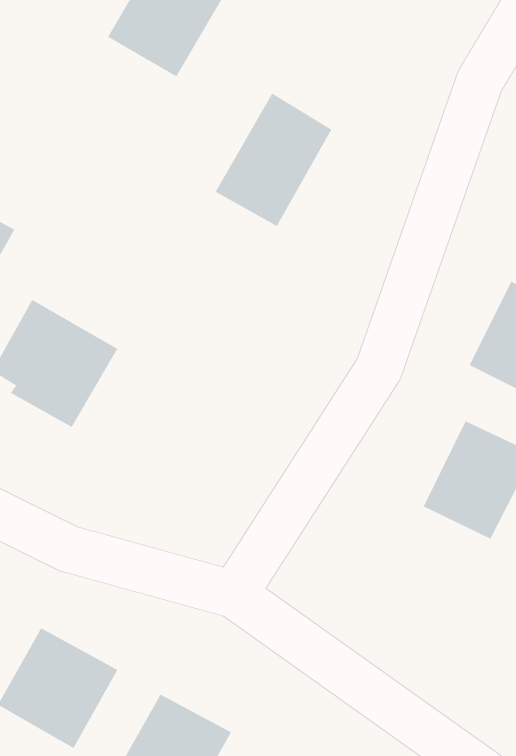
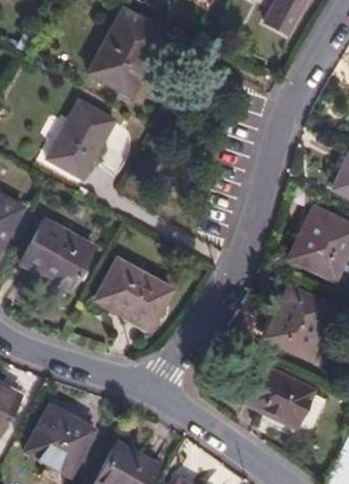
building: [215,93,332,227] -> [49,101,115,177]
building: none -> [97,262,171,329]
building: none -> [247,367,312,425]

